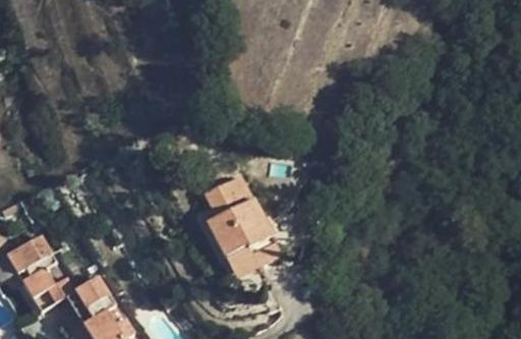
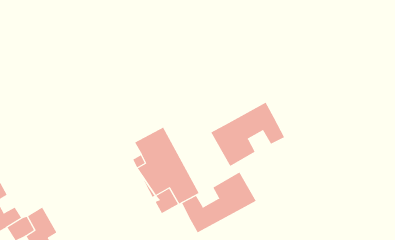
building: none -> [211,102,285,167]
building: none -> [181,172,256,233]

